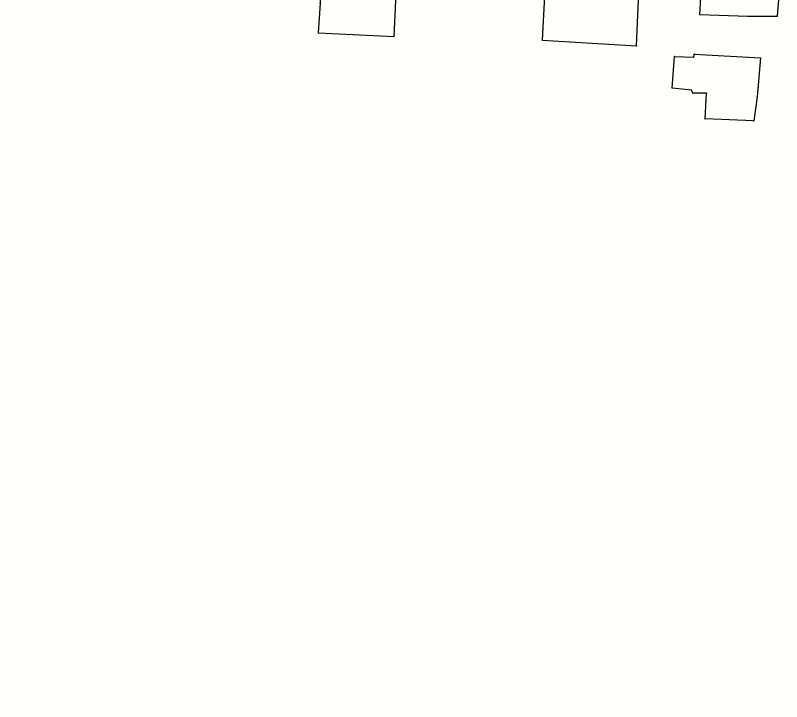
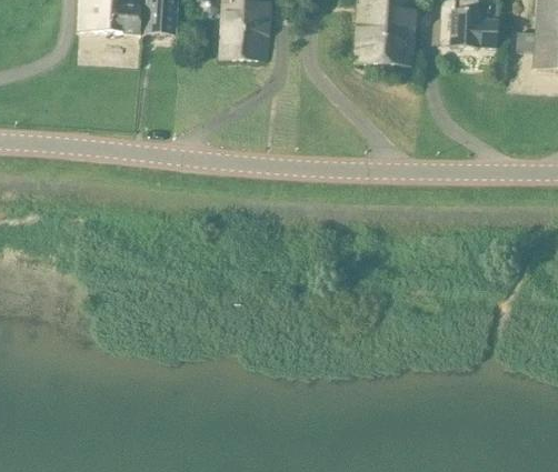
building: [672,54,760,121] -> none

